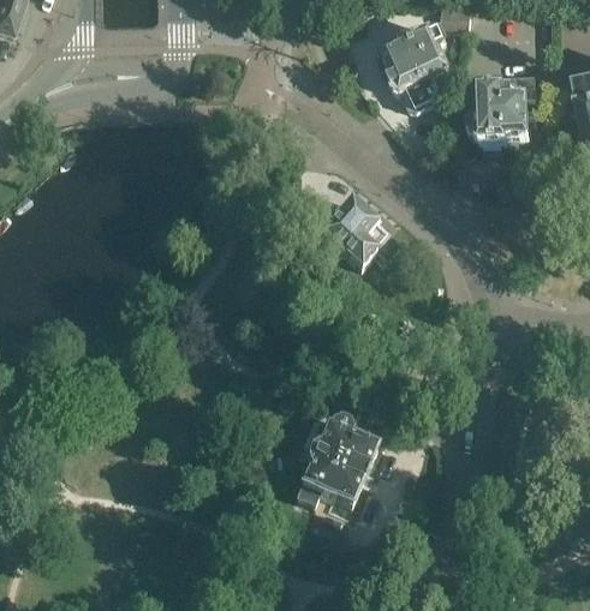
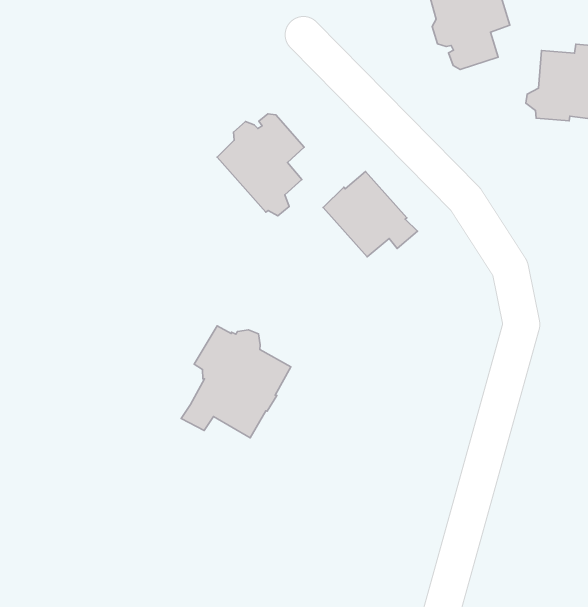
building: none -> [217,114,304,216]
building: [293,418,375,503] -> [181,326,291,438]

